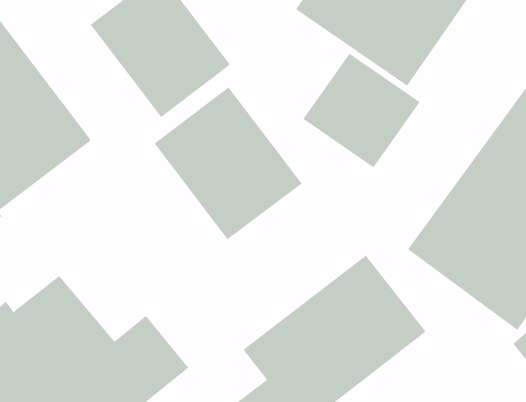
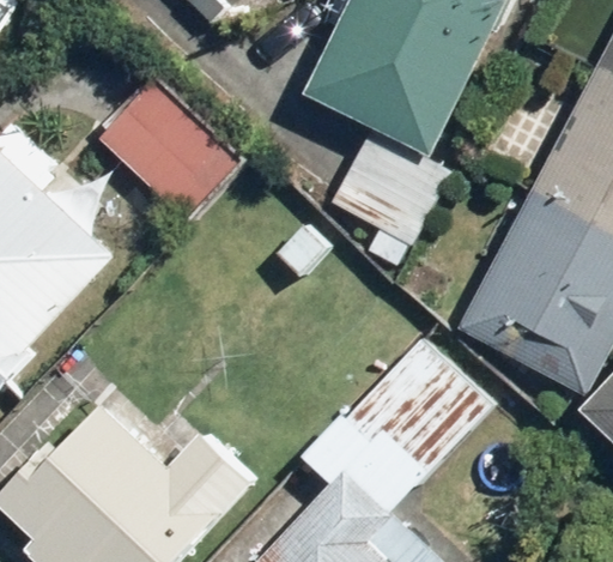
building: [154,87,302,240] -> none

